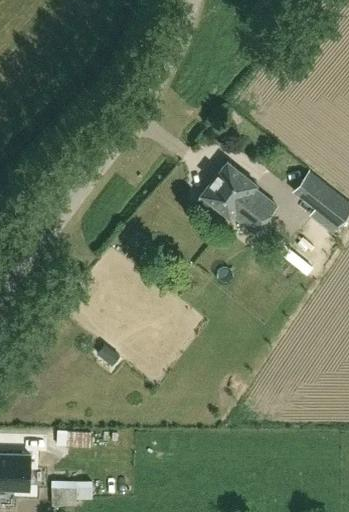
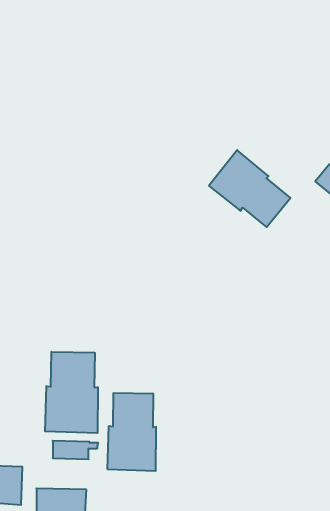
building: none -> [45,352,98,433]
building: none -> [108,393,156,471]

